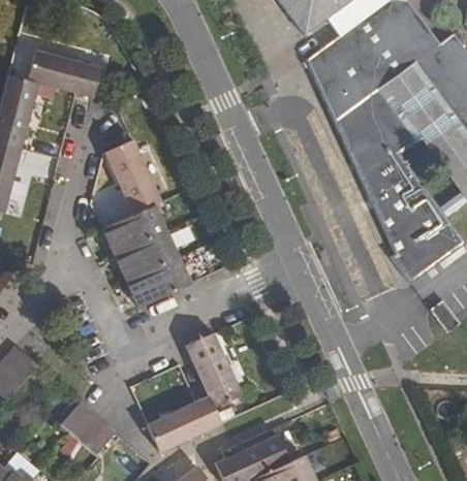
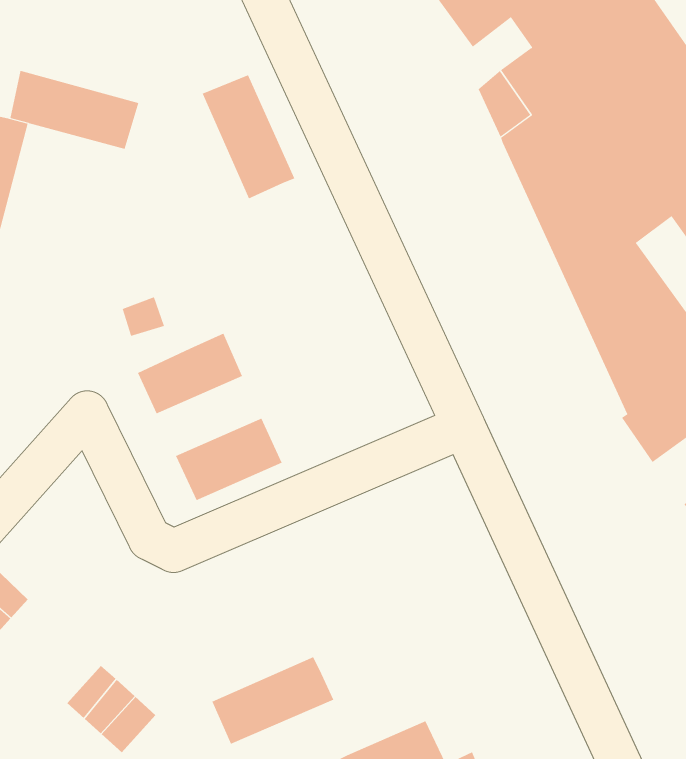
building: [106,140,162,215] -> [202,75,295,199]
building: [115,231,178,279] -> none
building: [186,333,241,409] -> none

